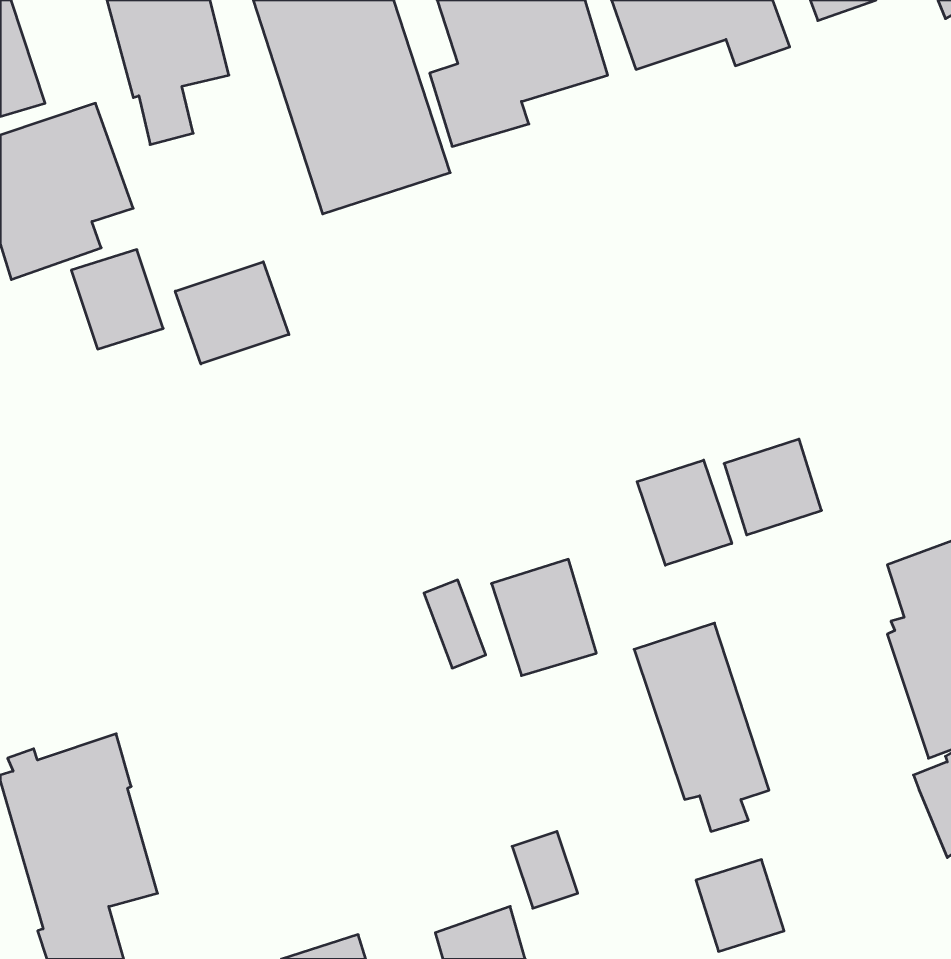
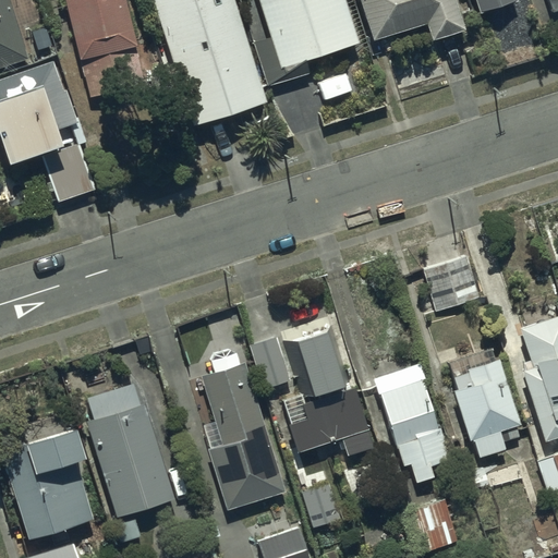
building: [175,262,289,364] -> none
building: [637,460,732,565] -> none
building: none -> [202,348,287,509]
building: none -> [449,350,521,456]
building: none -> [85,385,173,518]
building: none -> [283,385,373,454]

